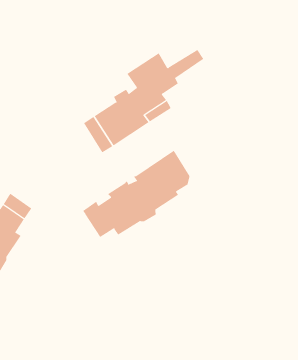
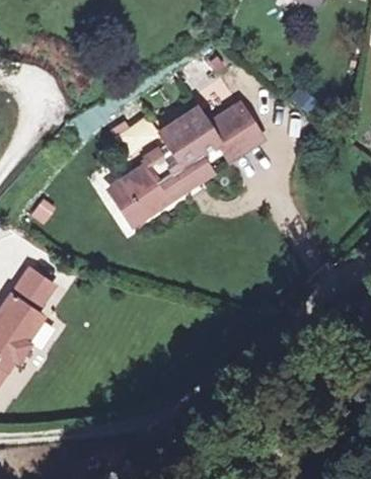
building: none -> [219,114,267,158]
building: [82,150,190,238] -> none

